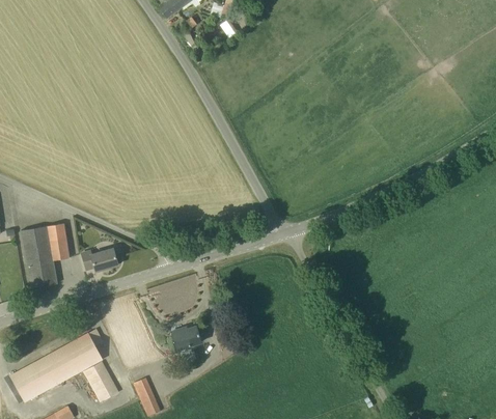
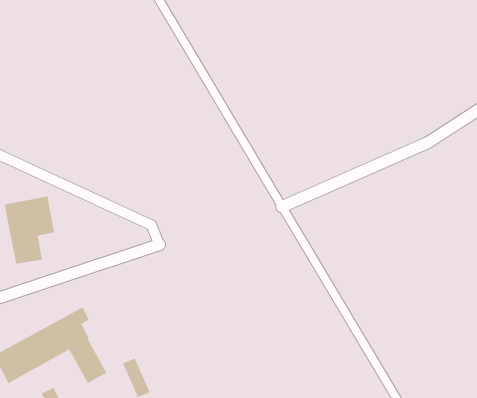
building: [80,248,117,272] -> none
building: [171,327,200,350] -> none

